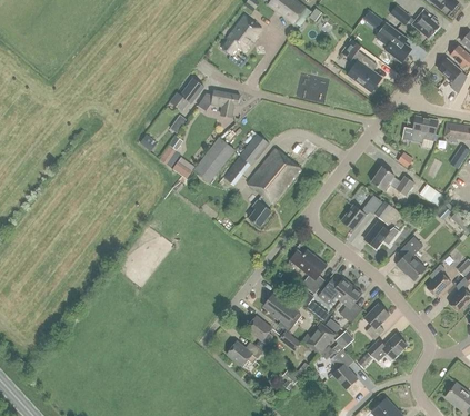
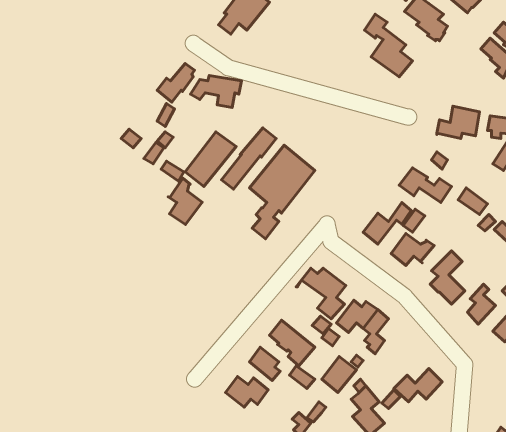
building: none -> [168,178,202,224]
building: [364,301,390,338] -> none

